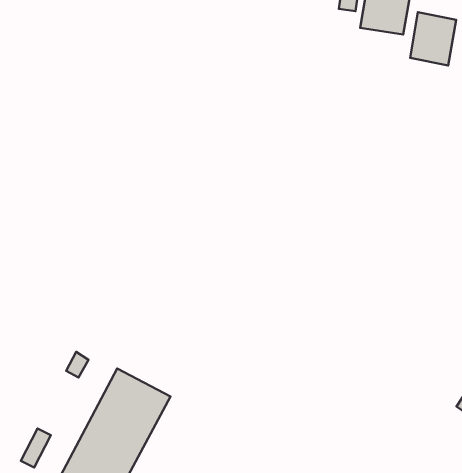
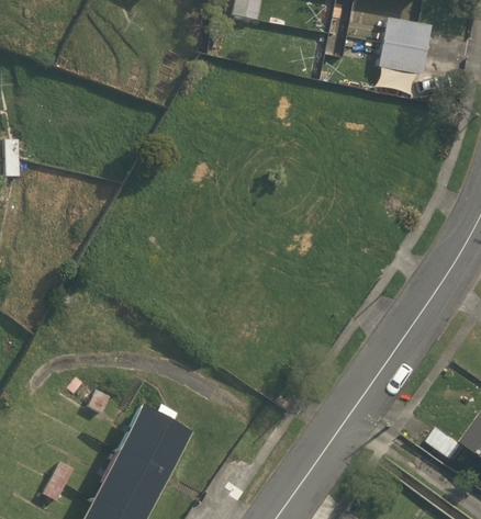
building: [410,12,456,65] -> none

